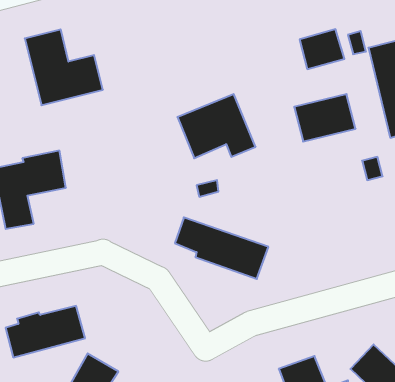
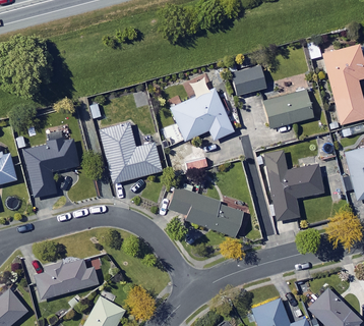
building: [300,29,344,69] -> [231,64,266,96]
building: [25,29,103,105] -> [100,122,162,182]
building: none -> [263,150,322,220]

